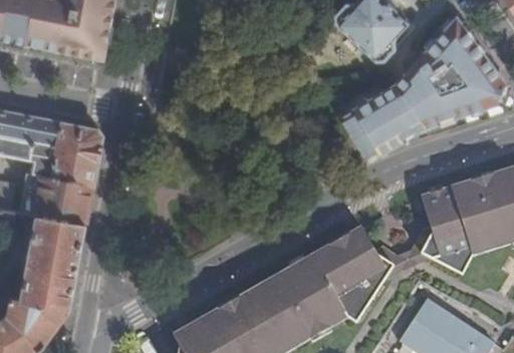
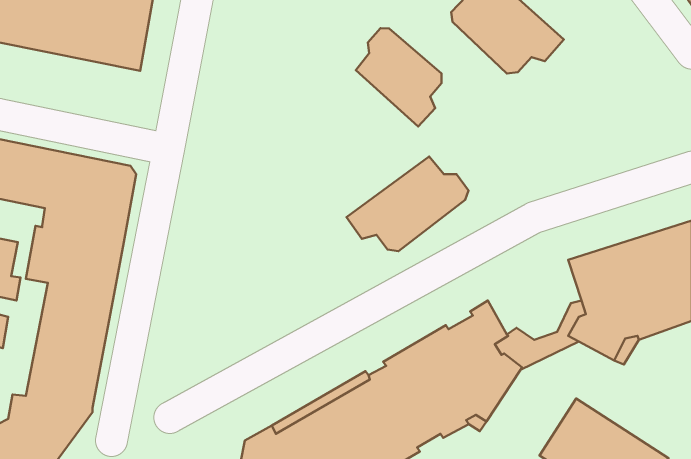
building: [338,17,506,160] -> none
building: none -> [356,28,442,127]
building: none -> [346,157,469,251]

